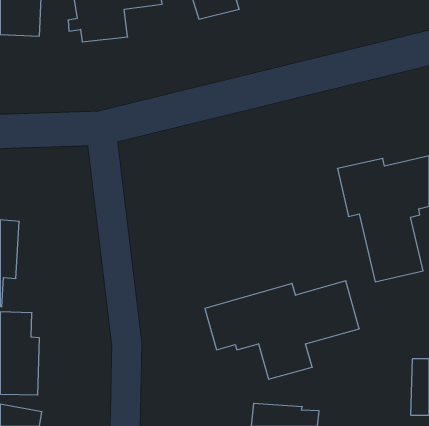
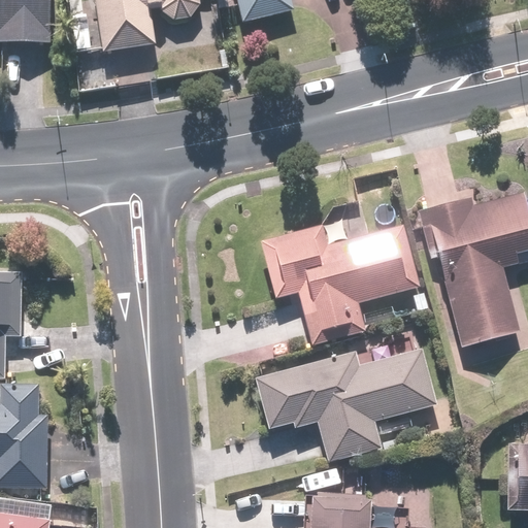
building: none -> [261,223,421,344]

